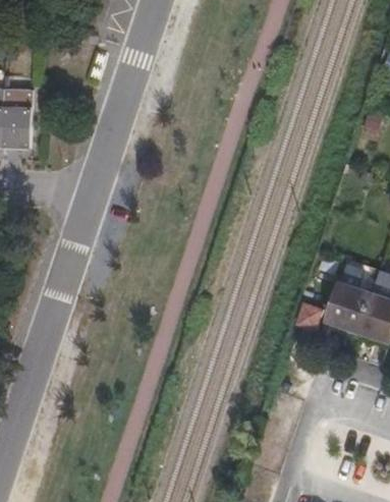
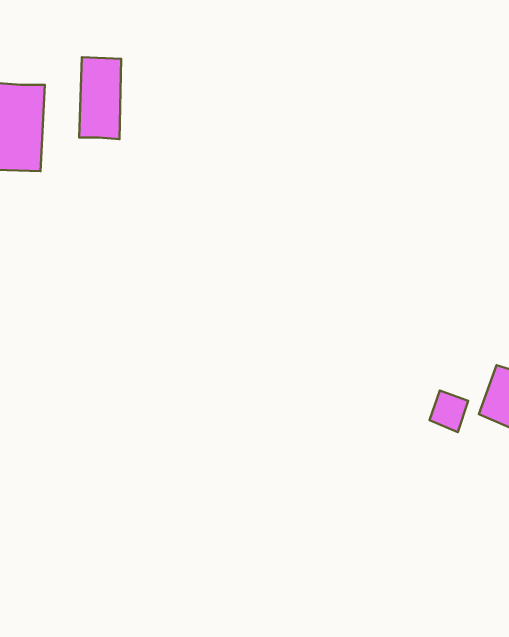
building: none -> [79,57,121,139]

